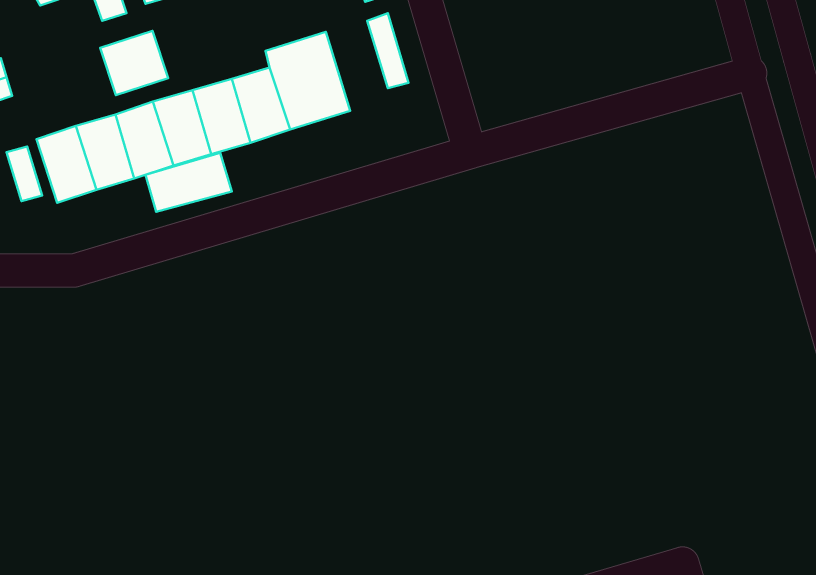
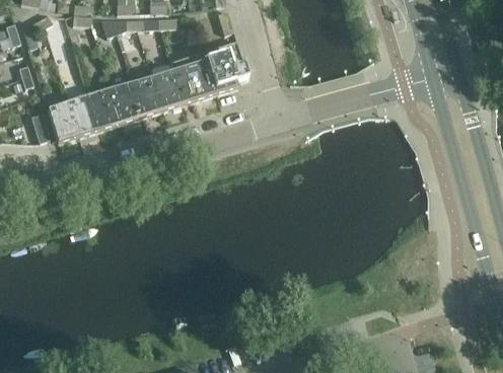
building: none -> [202,44,237,92]
building: [100,31,168,95] -> none
building: [146,153,232,212] -> none

